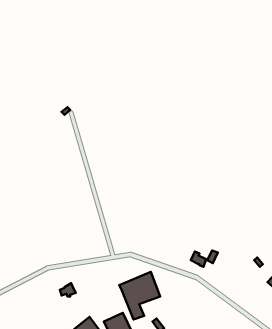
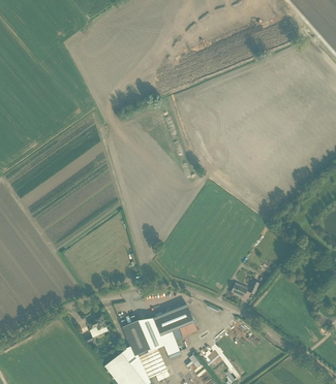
building: none -> [120,315,150,356]

